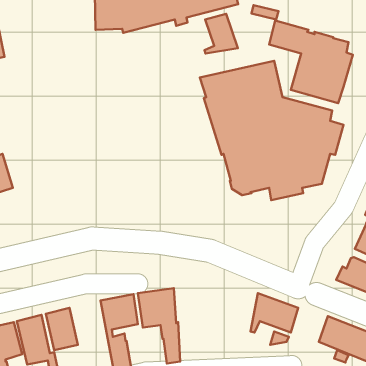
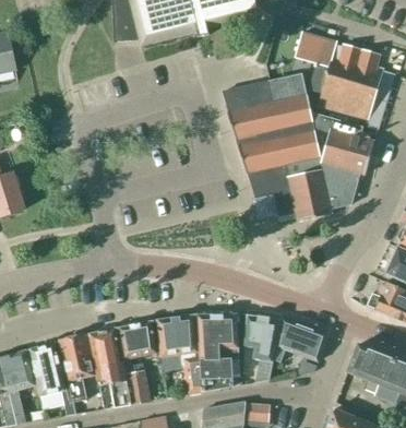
building: [205,14,238,54] -> none
building: none -> [198,314,241,392]
building: none -> [246,314,282,382]
building: none -> [89,329,126,380]

